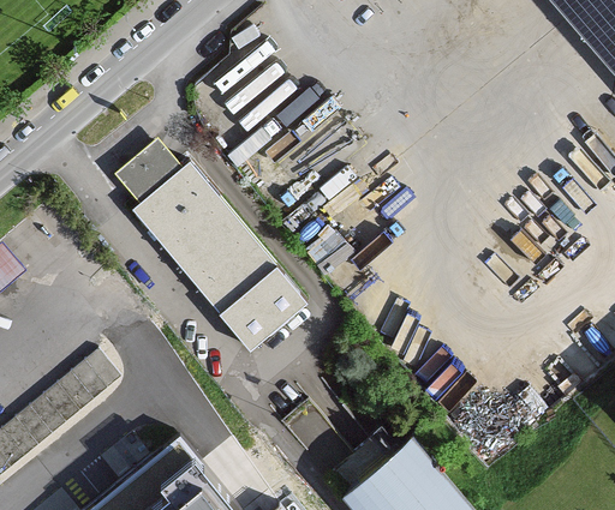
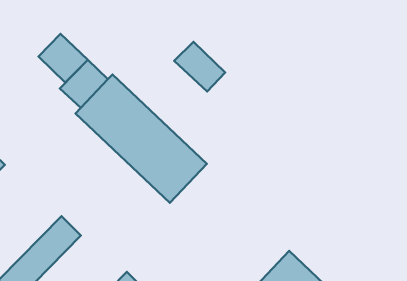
building: none -> [39,34,88,83]
building: none -> [174,42,225,92]

